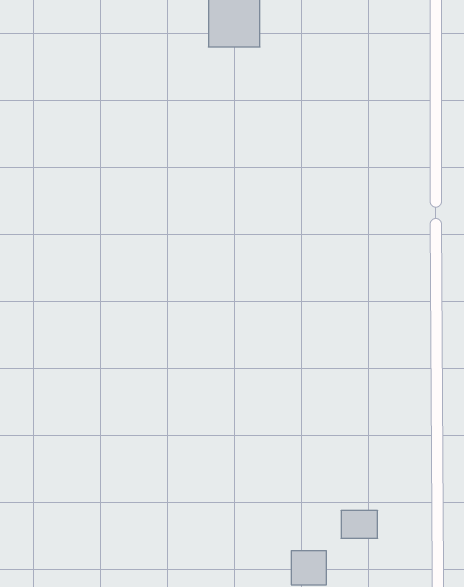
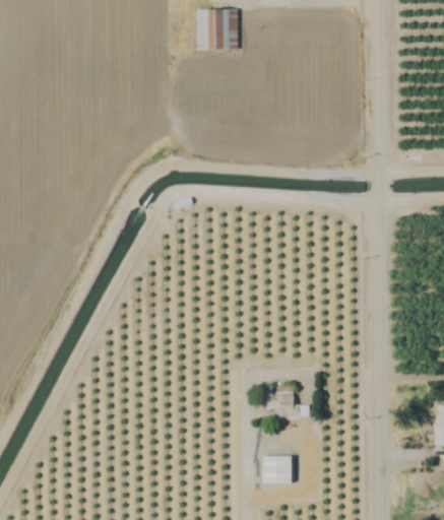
building: [341,511,378,538] -> [268,395,298,417]

